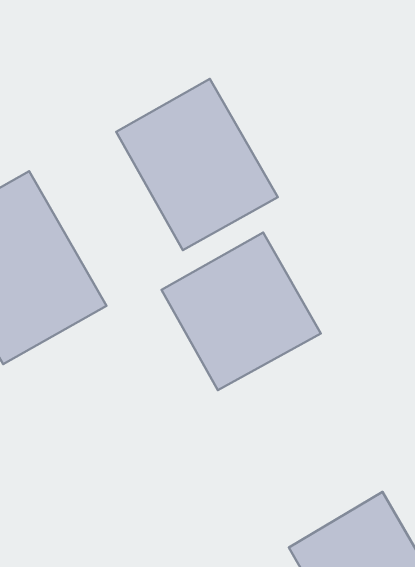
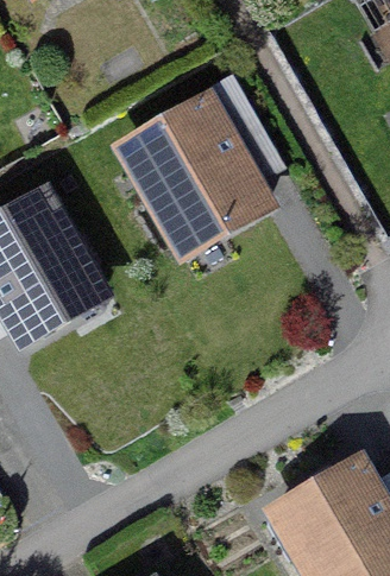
building: [161,232,321,390] -> none

